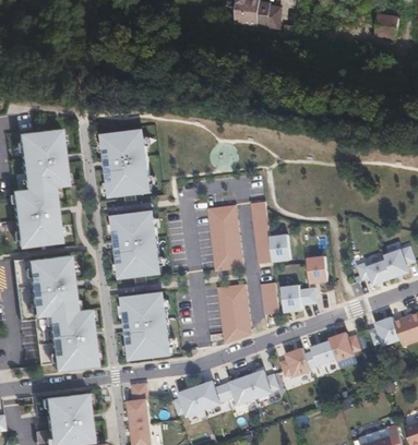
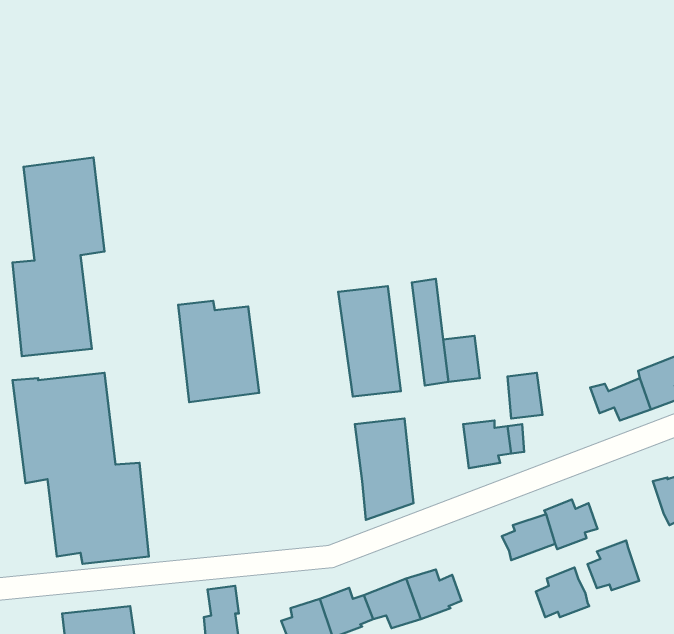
building: [103,133,151,197] -> none
building: [261,280,278,313] -> none
building: [123,294,172,360] -> none
building: [371,316,402,346] -> [588,540,639,590]
building: [280,347,312,376] -> [536,568,589,617]

